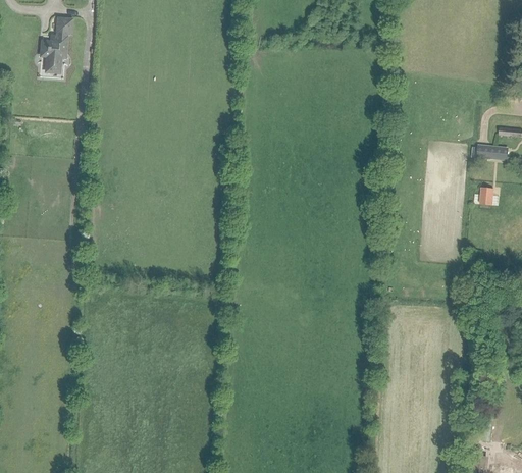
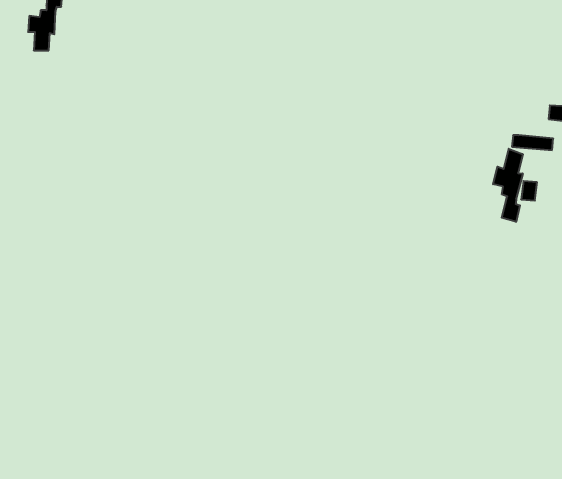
building: none -> [493,149,523,222]

